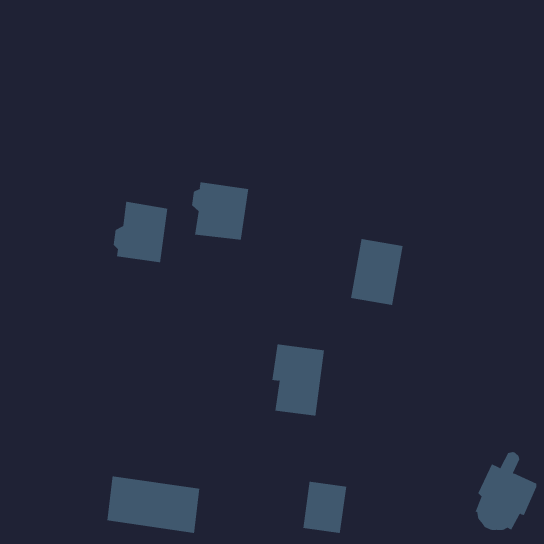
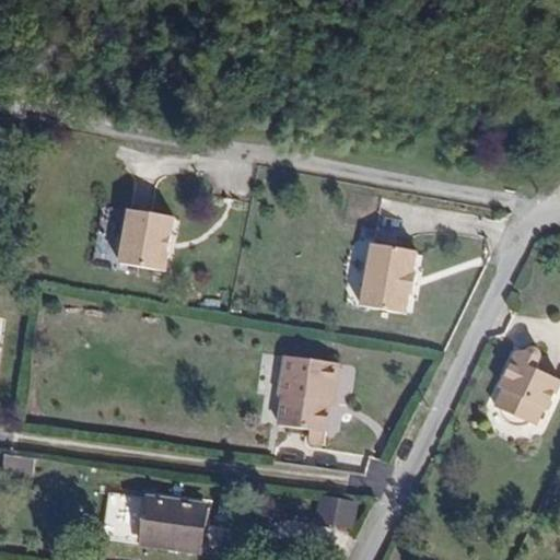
building: [192,181,249,240] -> none
building: [474,452,537,530] -> [488,354,552,435]

